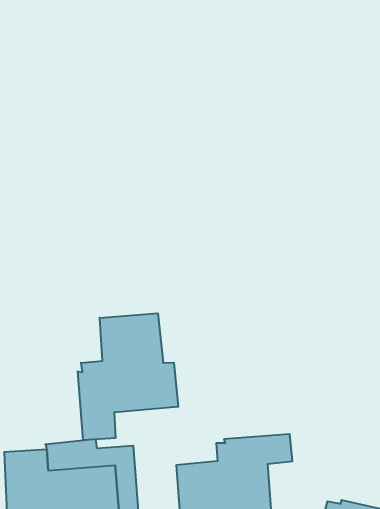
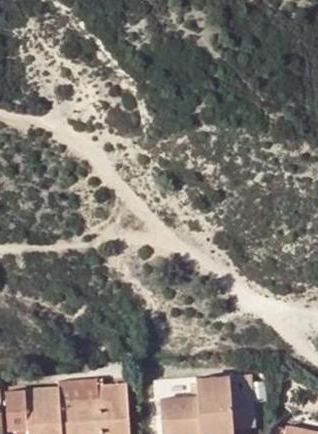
building: [78,313,178,440] -> none

